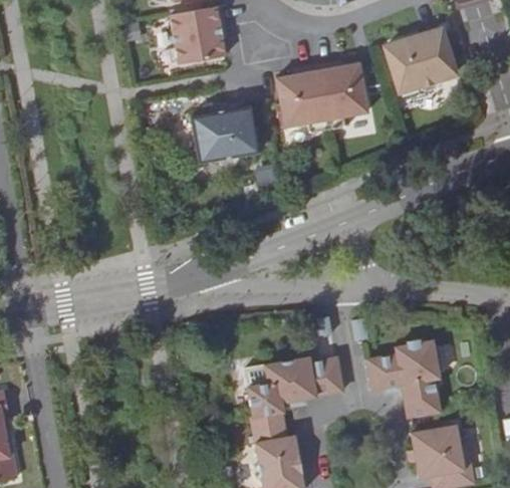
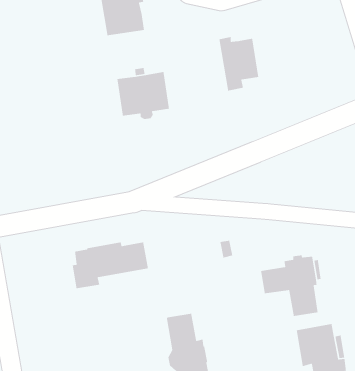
building: [385,33,454,96] -> none
building: [274,68,326,137] -> none
building: [247,353,342,413] -> [72,241,149,289]

